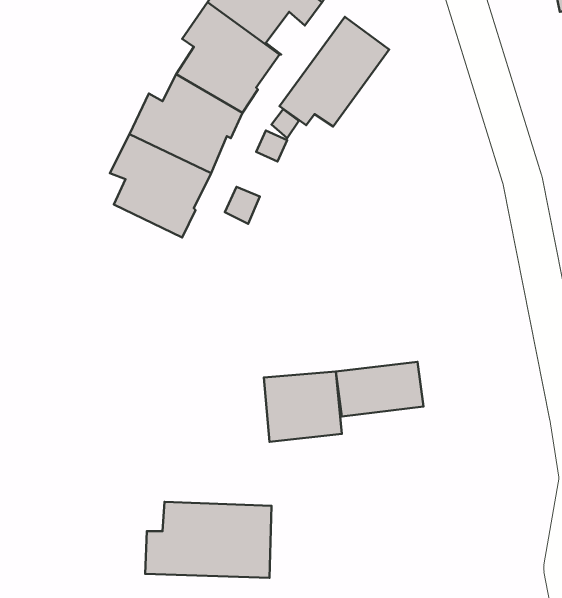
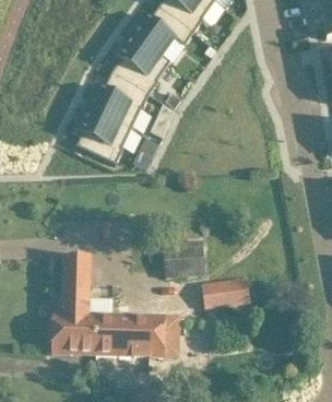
building: [279,17,389,127] -> none
building: [336,362,423,416] -> [201,277,250,308]
building: none -> [52,253,106,353]

